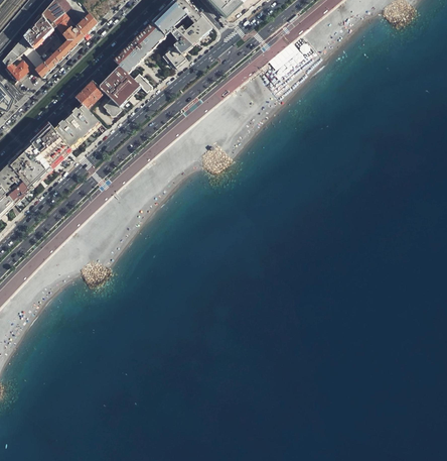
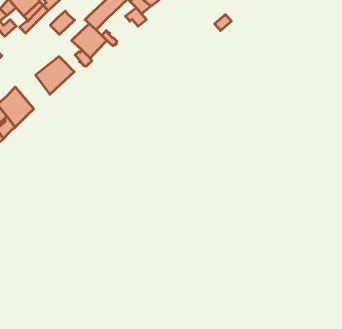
building: [75,81,104,109] -> [50,11,75,34]
building: [29,122,70,167] -> none

